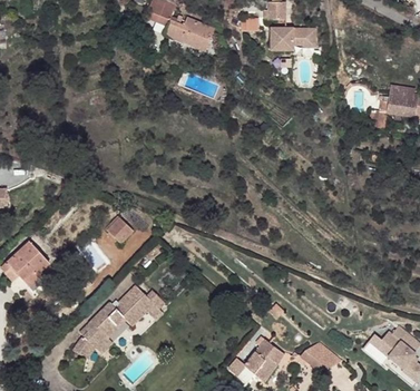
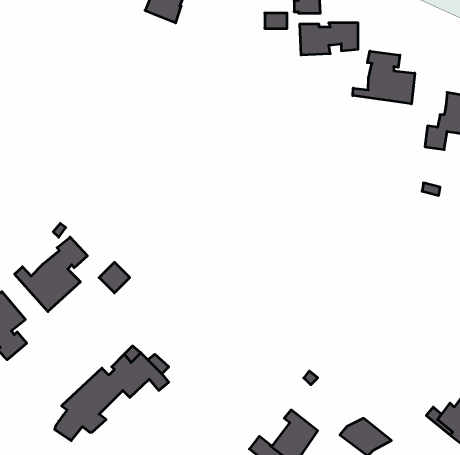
building: [163,13,214,51] -> none
building: none -> [353,51,415,104]
building: none -> [15,237,87,312]

